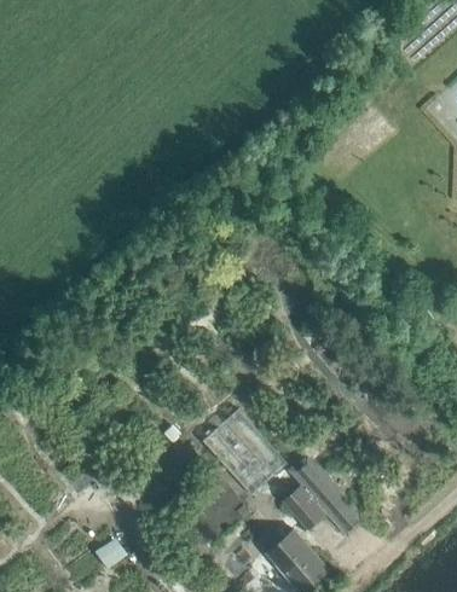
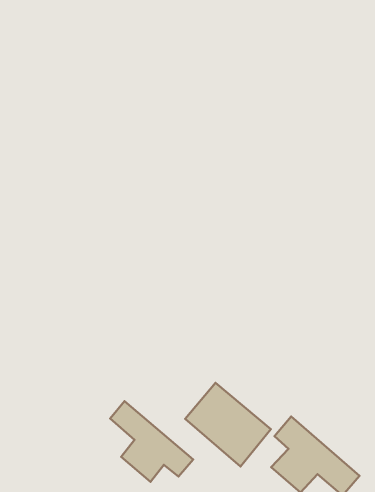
building: none -> [110,401,193,482]

